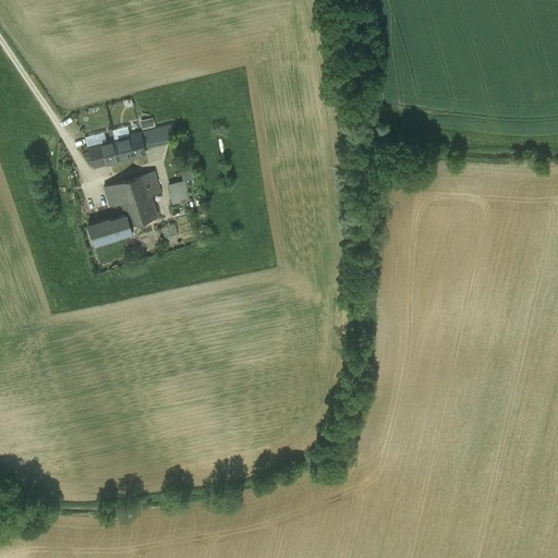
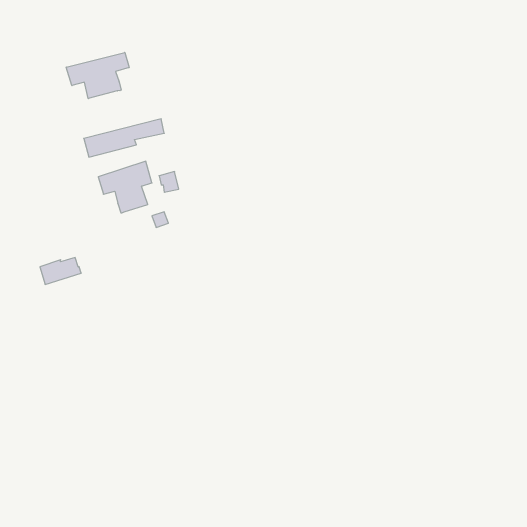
building: none -> [66,52,129,99]
building: [87,216,131,244] -> [40,258,81,284]

